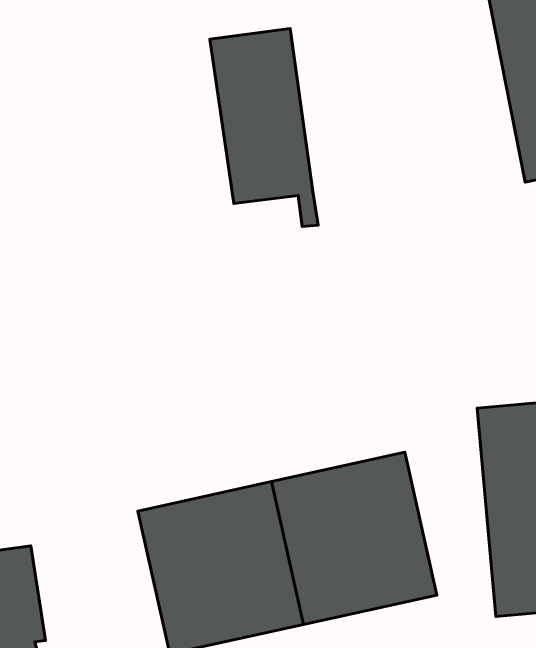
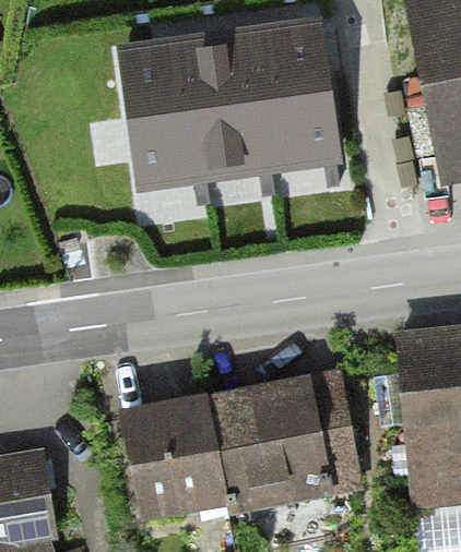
building: none -> [247,16,335,180]
building: none -> [117,35,204,197]

